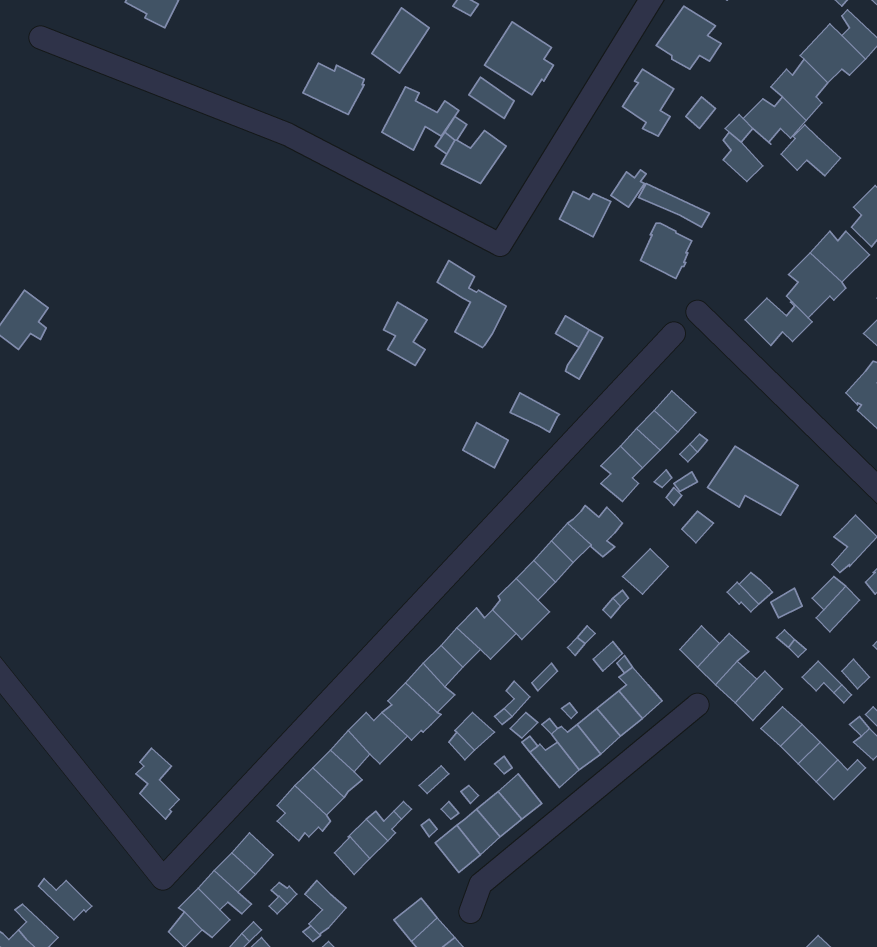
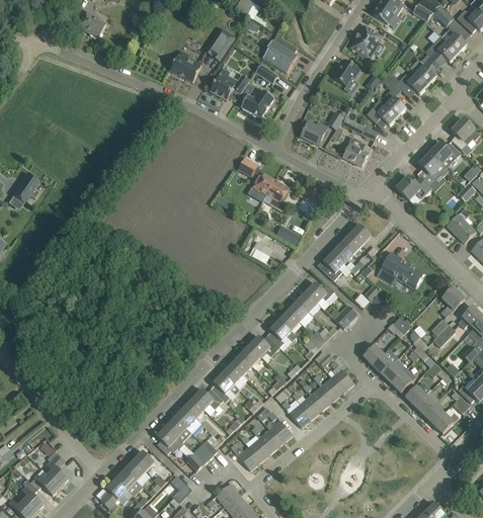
building: [781,125,841,176] -> [367,99,397,125]
building: [384,302,427,365] -> [266,180,289,212]
building: [136,748,179,819] -> [46,451,68,488]

